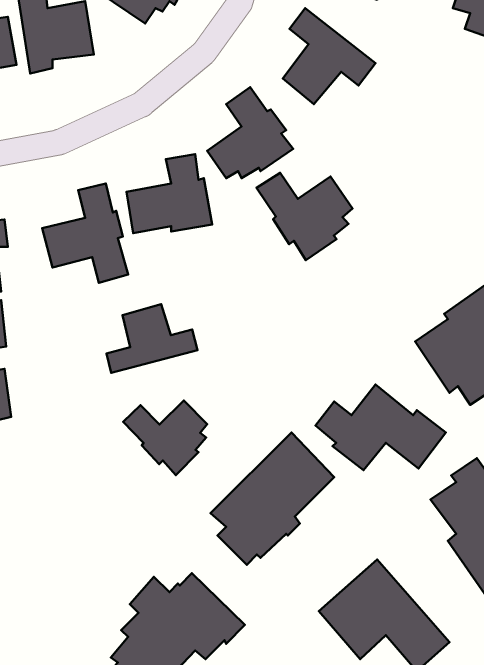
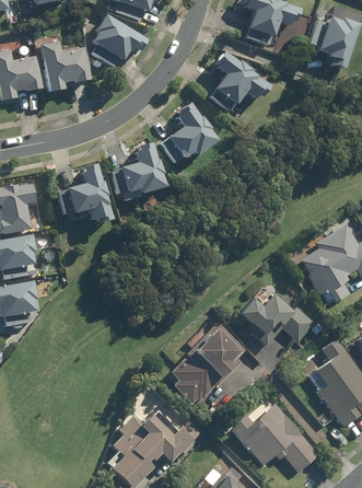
building: [257,173,353,260] -> none
building: [107,304,197,373] -> none
building: [123,401,207,475] -> none

